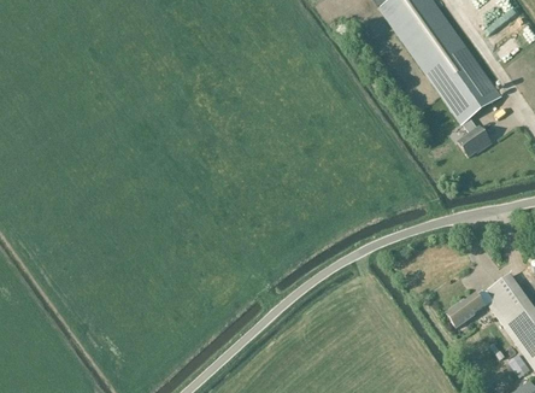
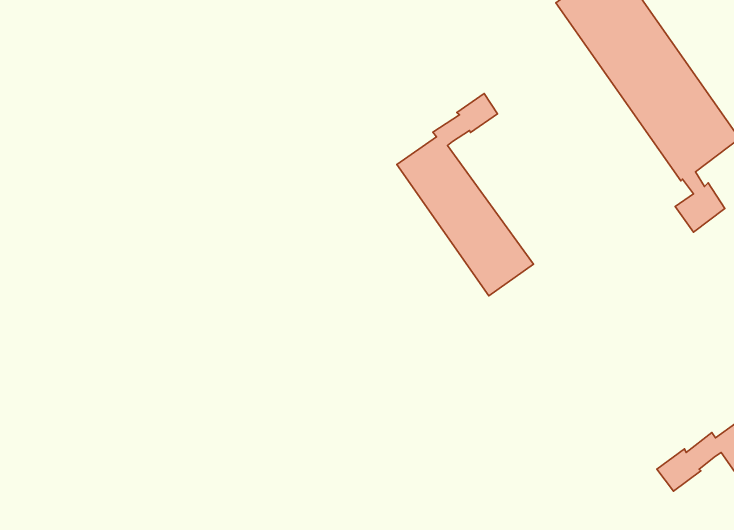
building: none -> [397,93,534,296]

